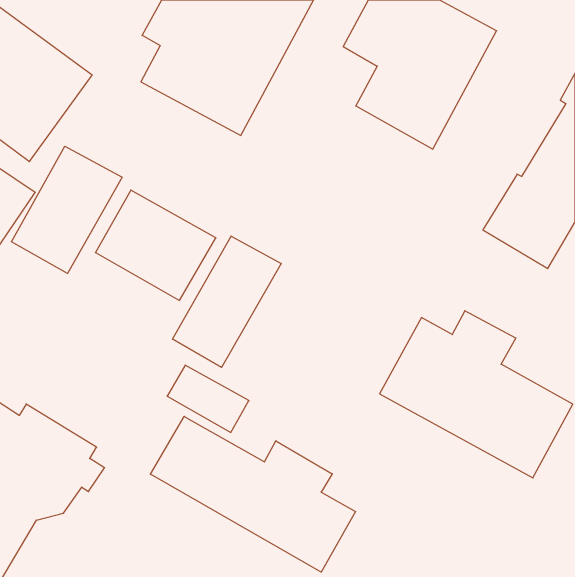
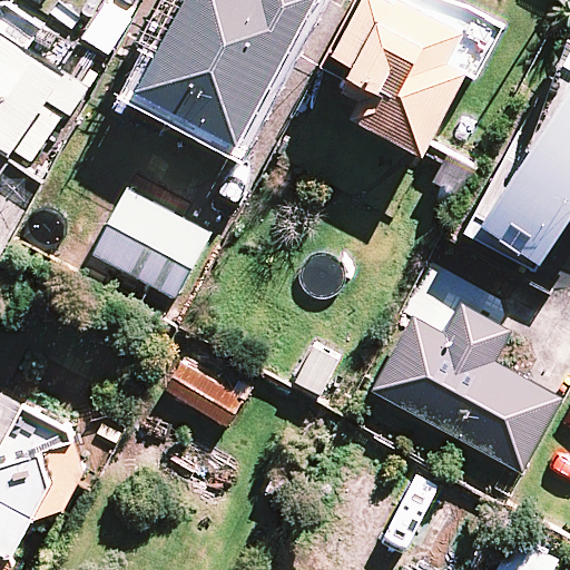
building: [11,146,122,273] -> none
building: [173,236,281,367] -> none
building: [150,416,356,572] -> none

